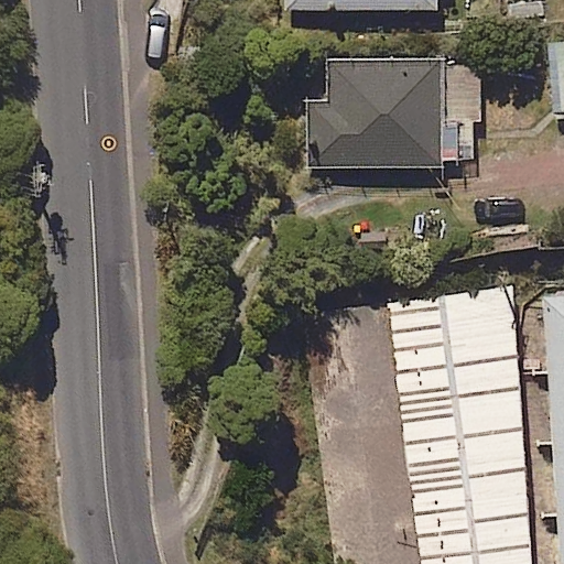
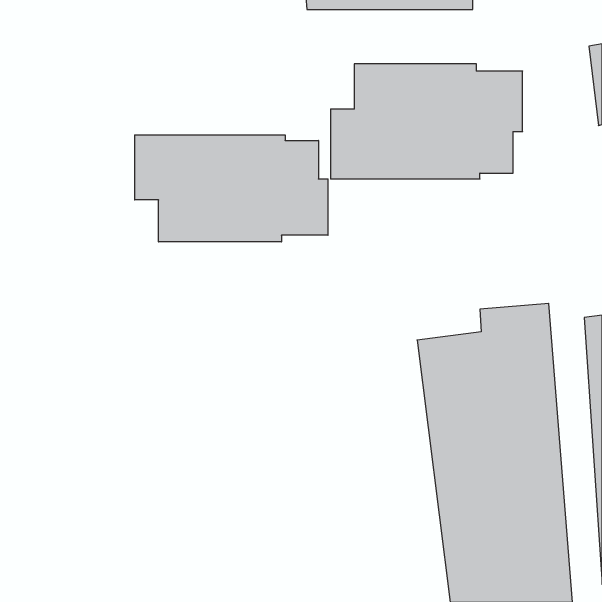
building: none -> [135,135,328,242]

